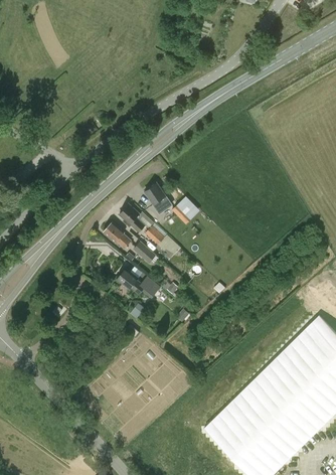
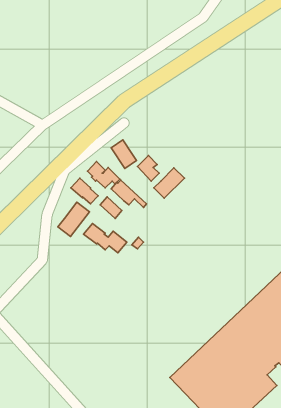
building: none -> [154,168,184,198]
building: none -> [58,202,89,236]

